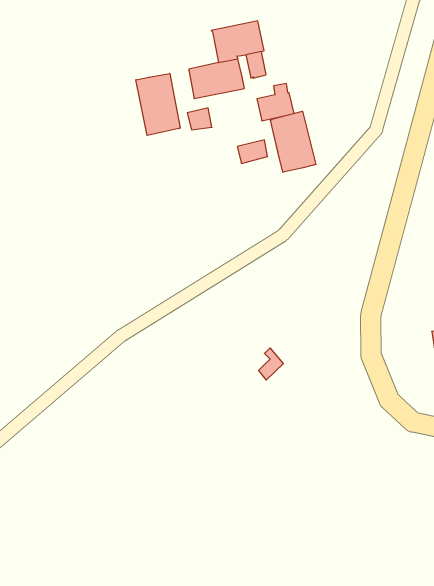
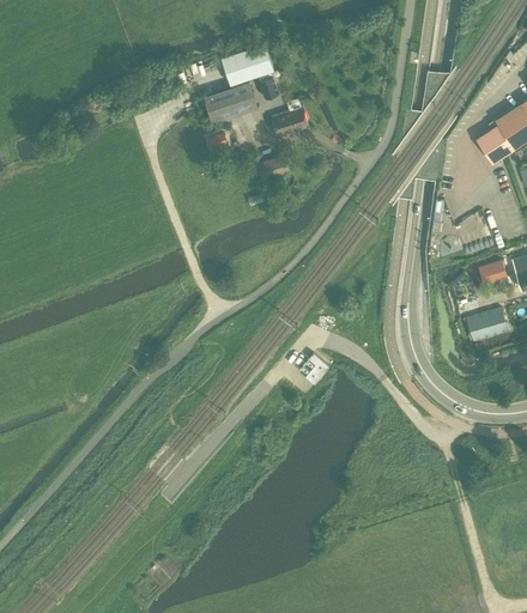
building: [136,73,180,135] -> none
building: [271,111,316,172] -> none

